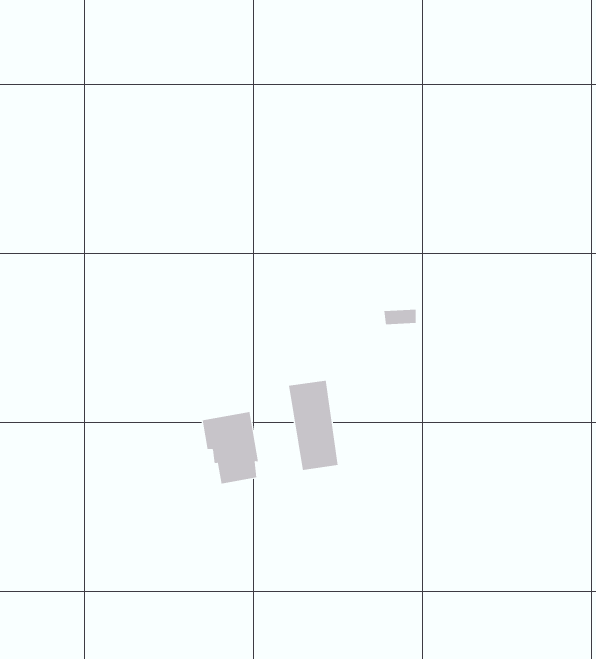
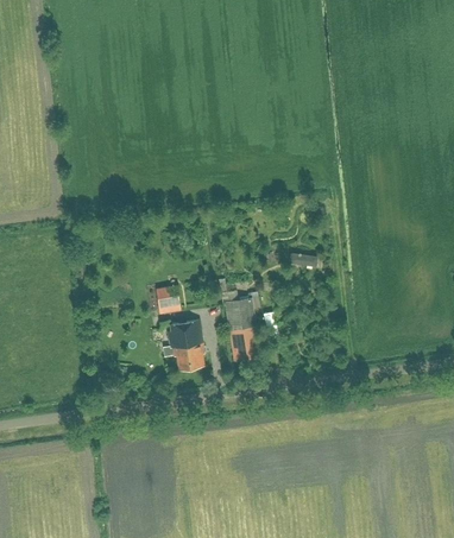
building: none -> [153,284,181,314]

